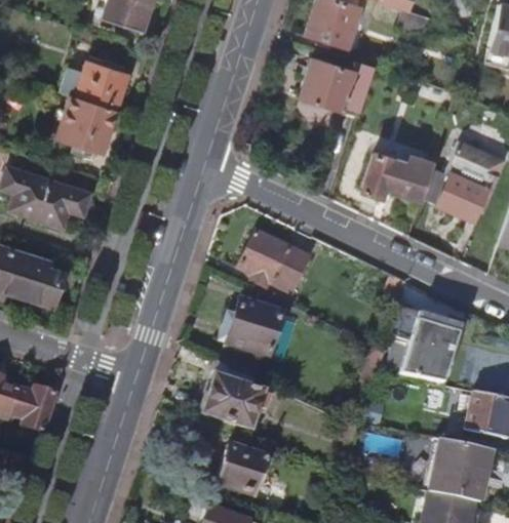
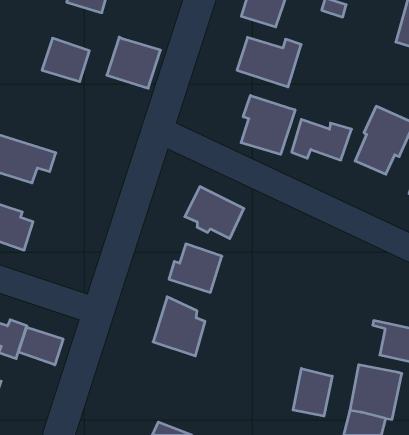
building: [55,94,118,154] -> [107,37,161,88]
building: none -> [241,95,295,154]
building: [391,306,457,381] -> none
building: none -> [18,327,63,365]
building: [217,443,261,491] -> none
building: none -> [293,368,332,416]

